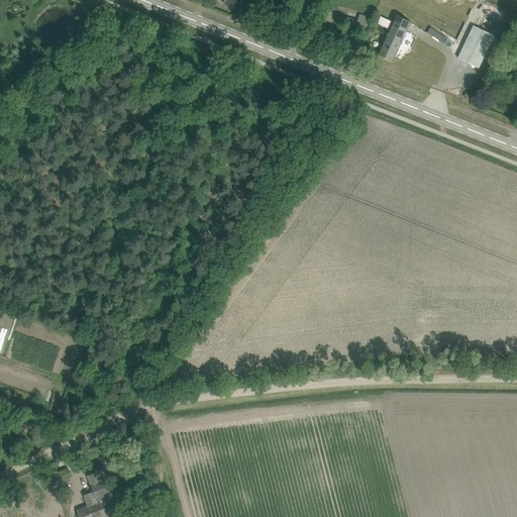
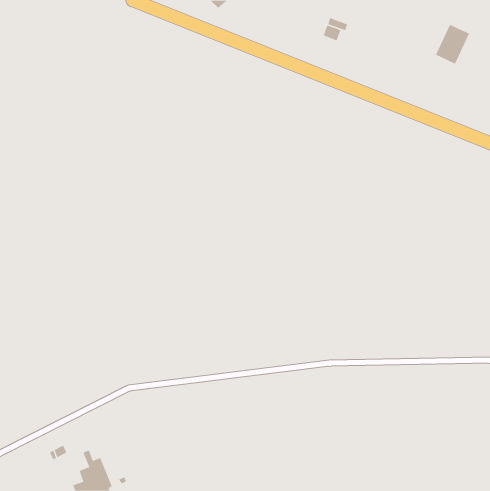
building: [377,15,410,62] -> none

